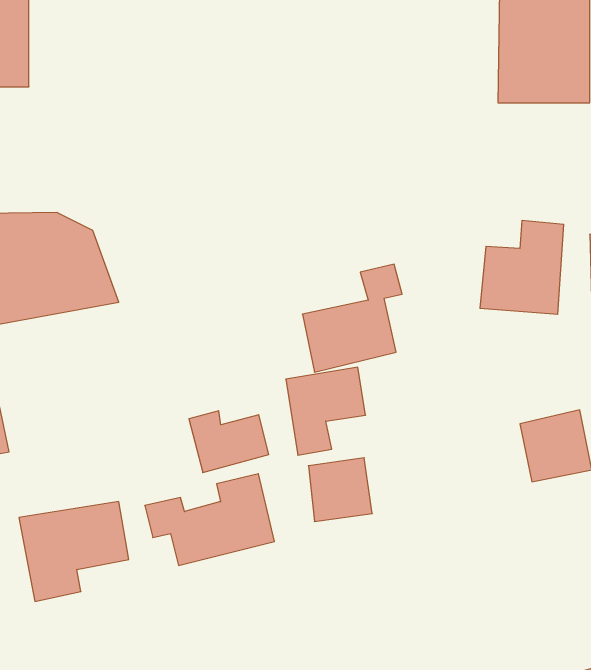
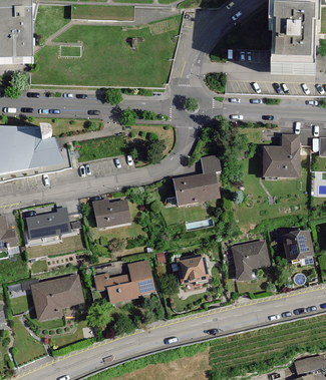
building: [286,367,366,455] -> [231,239,271,283]
building: none -> [29,210,71,238]
building: [189,411,269,473] -> [92,196,132,227]

